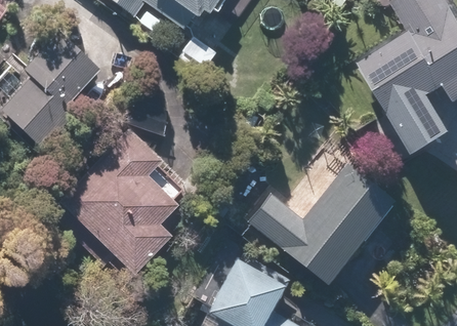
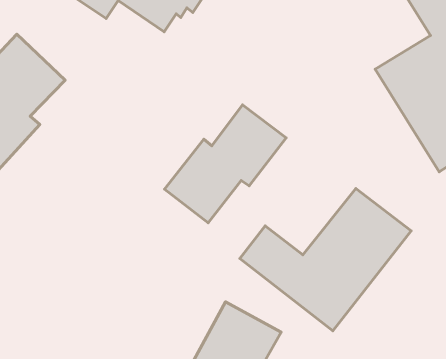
building: none -> [165,105,286,223]
building: [59,129,178,273] -> none

